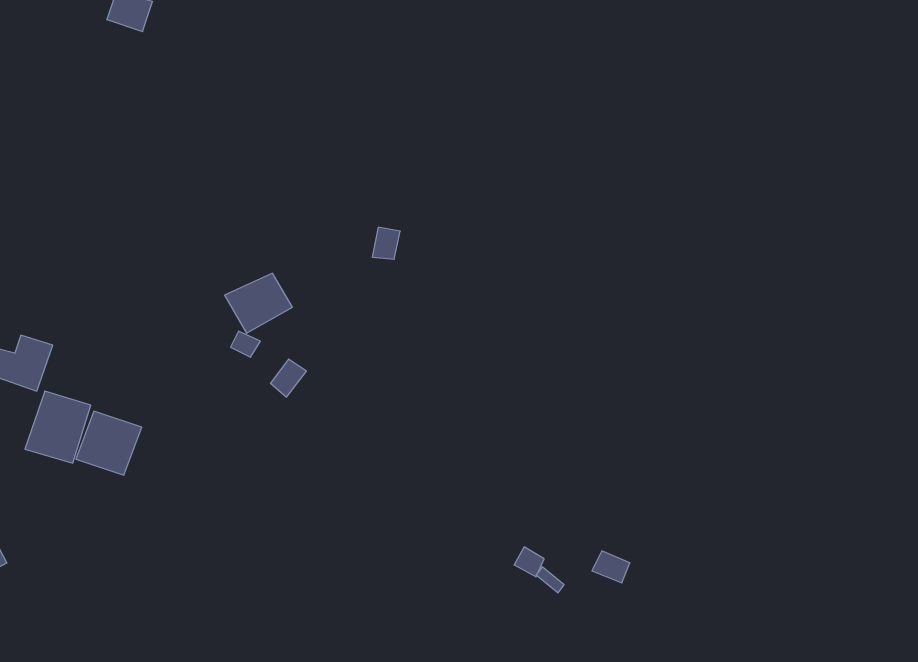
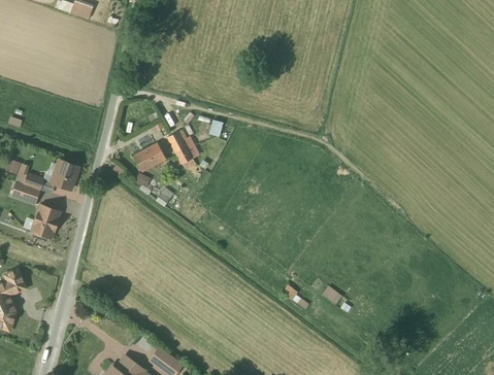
building: none -> [165,130,202,164]
building: [76,411,142,475] -> [46,159,80,192]

